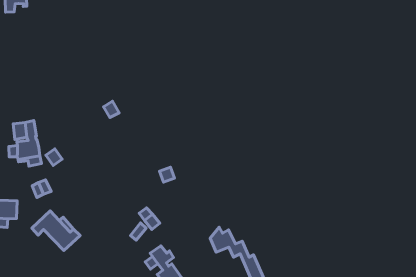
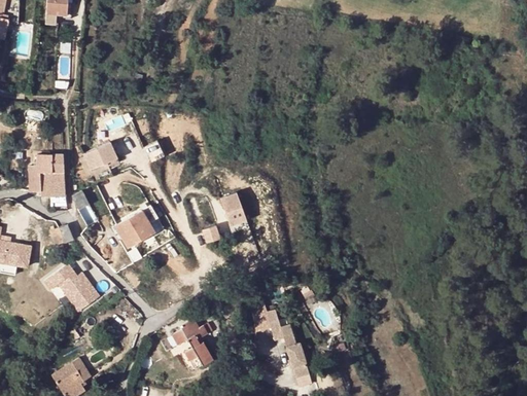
building: none -> [82,144,115,176]
building: none -> [222,197,247,230]
building: none -> [115,206,157,248]

